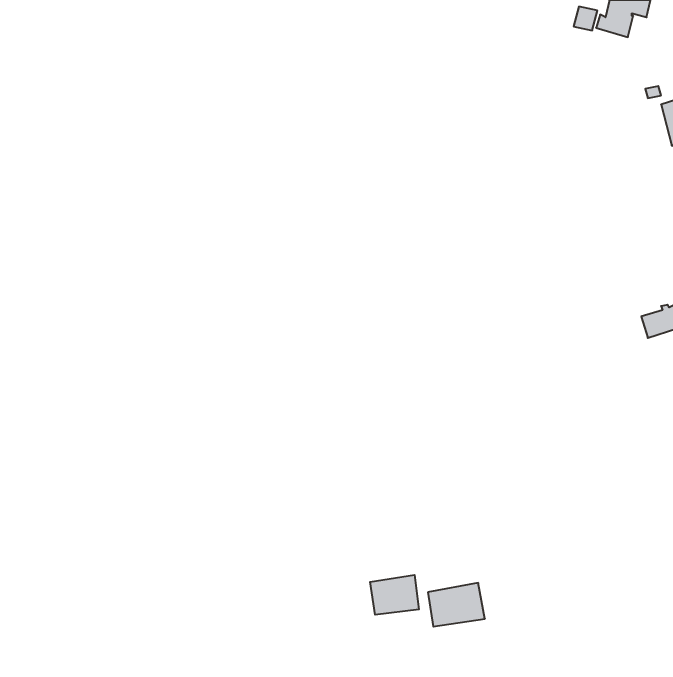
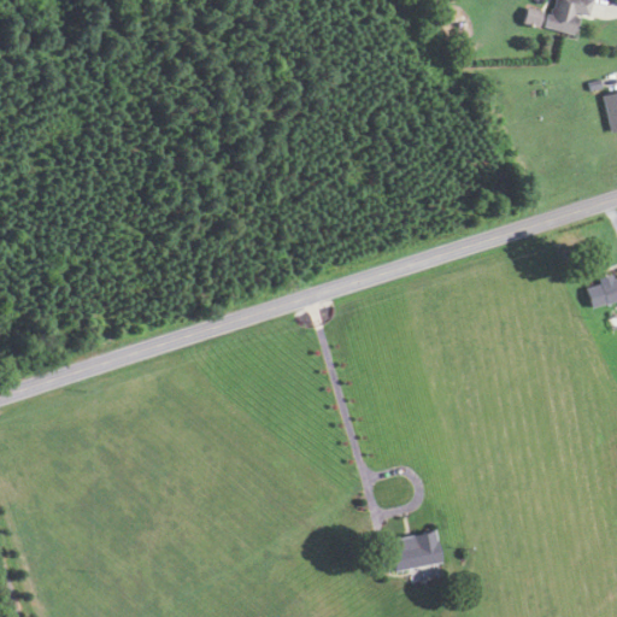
building: [370,575,419,615] -> none

